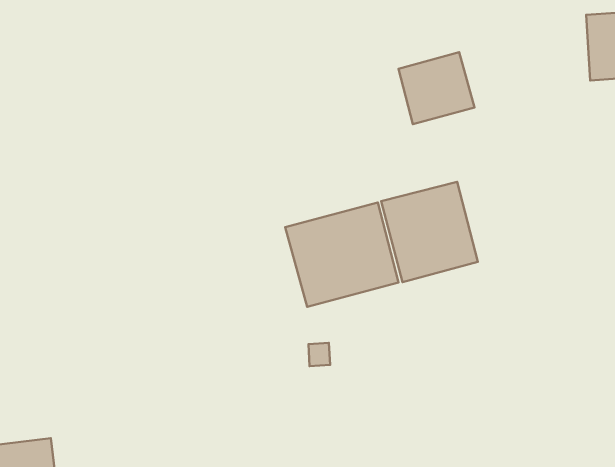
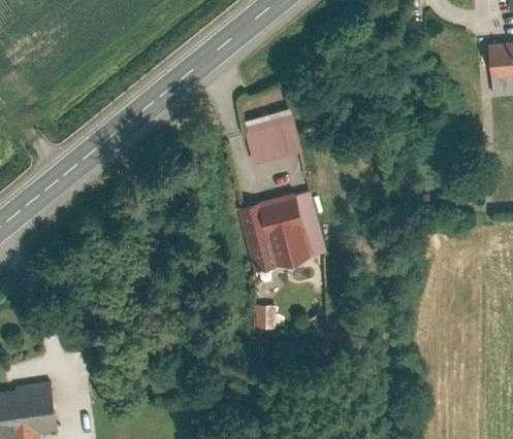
building: [399,52,475,124] -> [243,110,303,168]
building: [381,182,478,282] -> none

